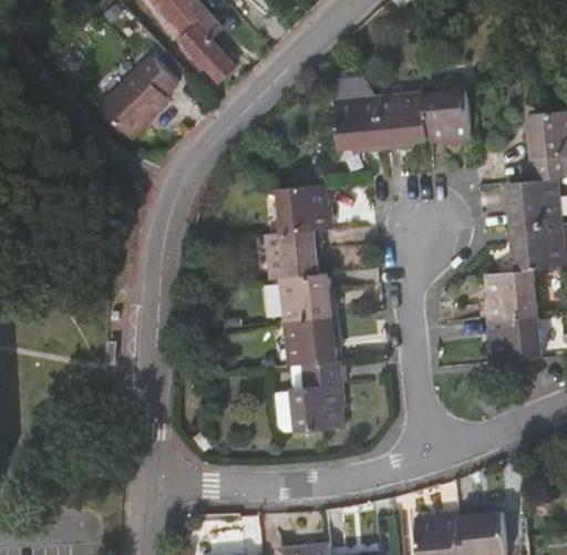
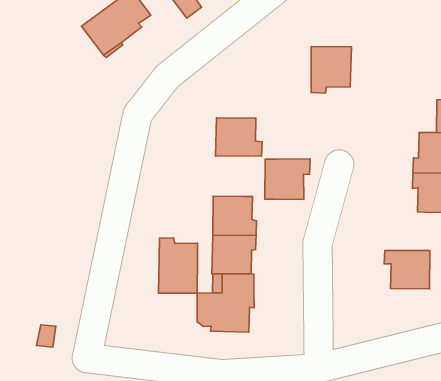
building: [422,86,471,142] -> none
building: [333,95,381,151] -> none
building: [265,229,318,281] -> [265,159,310,200]
building: [484,273,537,322] -> none
building: none -> [159,238,198,293]

